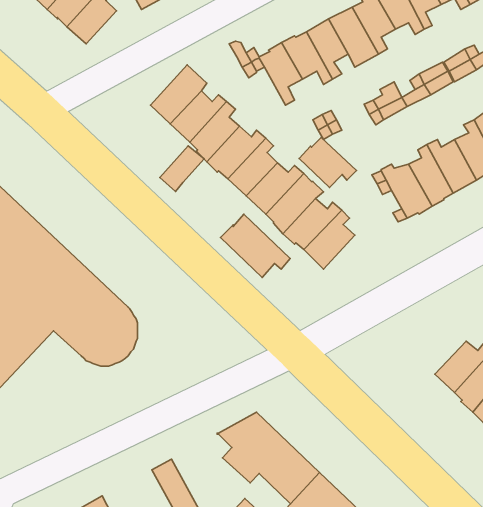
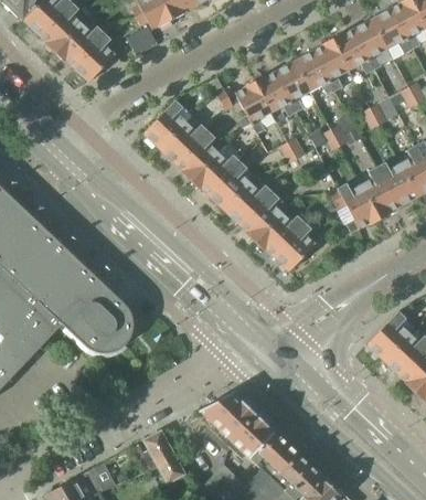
building: [299,137,357,187] -> none
building: [160,146,204,191] -> none
building: [221,214,290,278] -> none
building: none -> [366,310,409,360]

